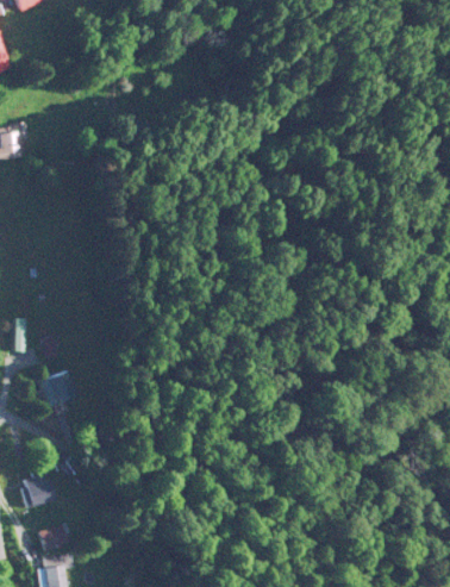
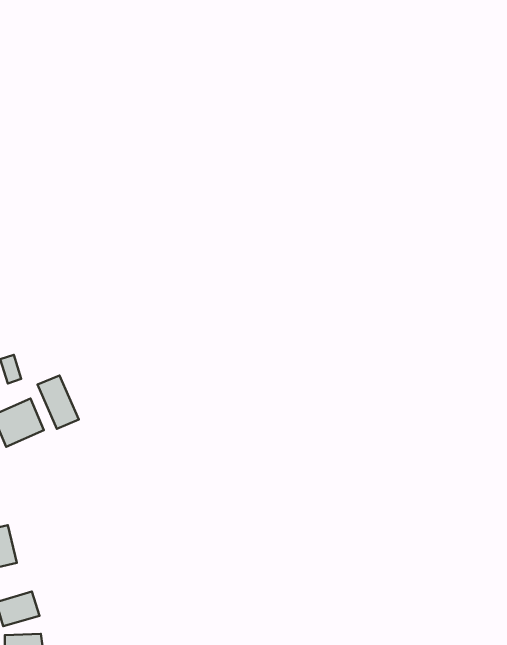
building: none -> [37,376,79,429]

